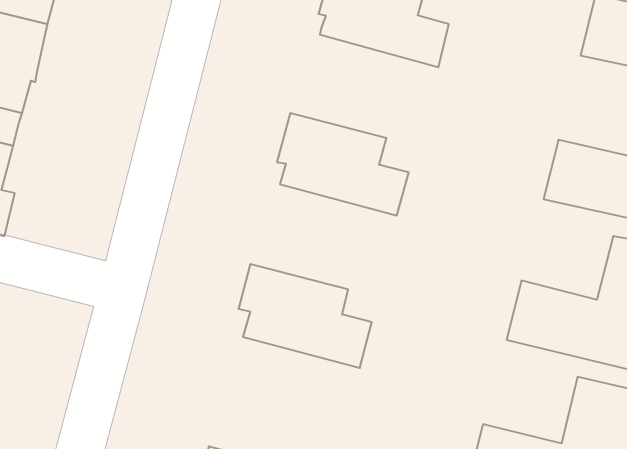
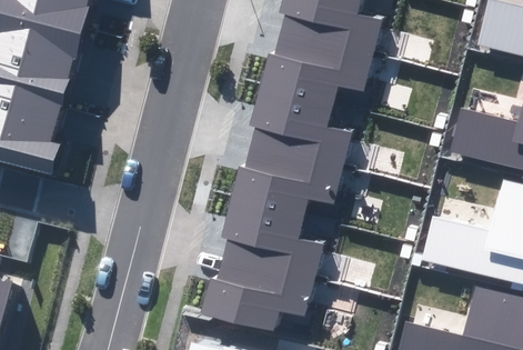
building: none -> [263,29,374,107]
building: none -> [233,141,343,220]
building: none -> [207,256,315,329]

